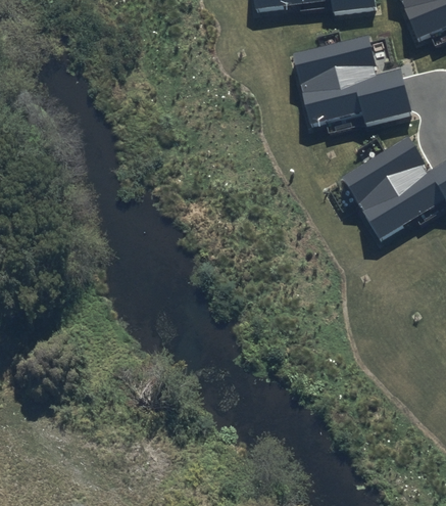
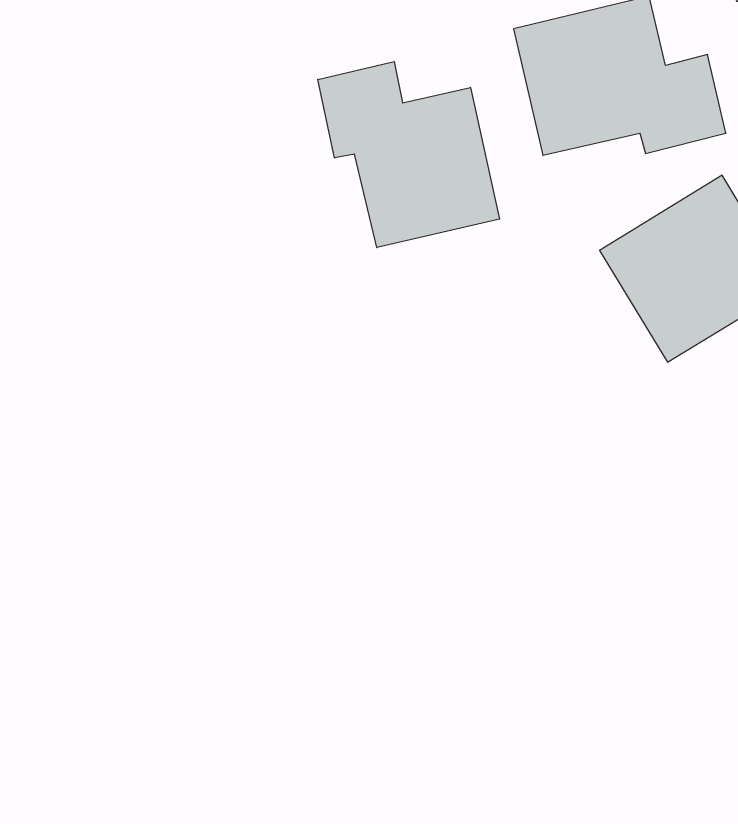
building: none -> [318,62,500,248]

